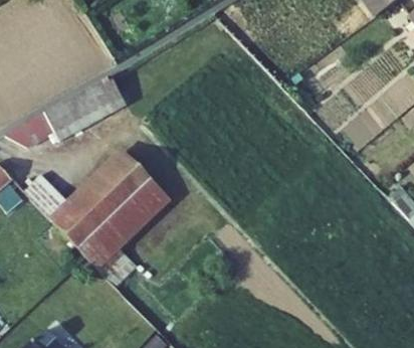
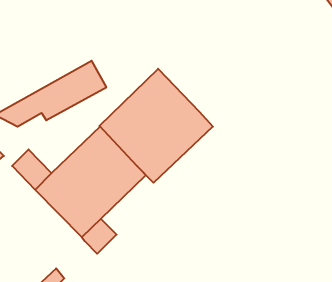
building: none -> [99,69,213,183]

